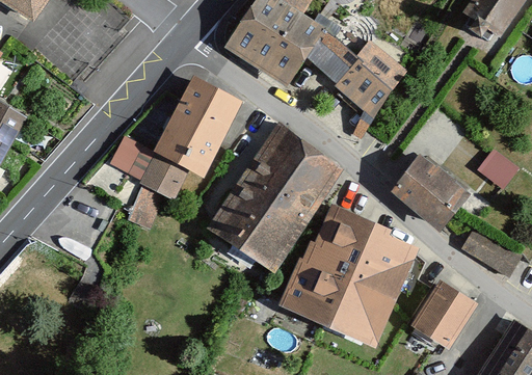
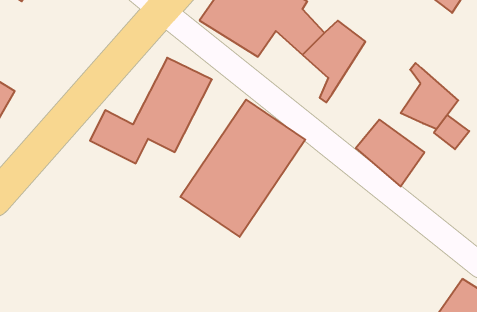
building: none -> [401,63,458,129]
building: [280,209,419,349] -> none
building: [462,224,521,271] -> none
building: [413,278,477,346] -> none

